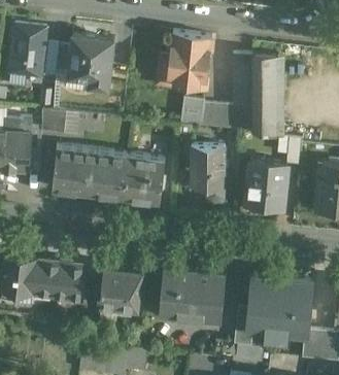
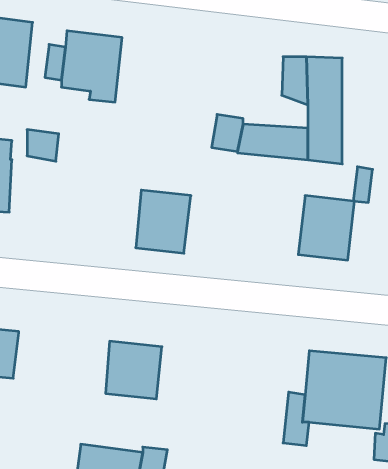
building: [158,34,212,89] -> none
building: [191,146,224,191] -> none
building: [53,147,128,199] -> none
building: [32,263,86,301] -> none
building: [160,268,226,321] -> none

